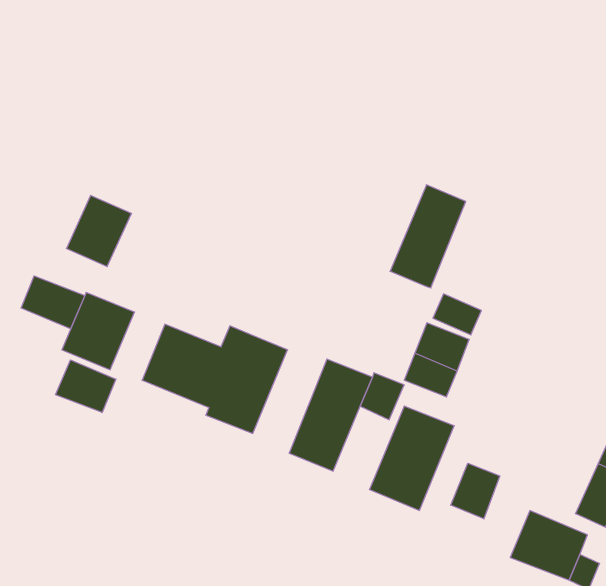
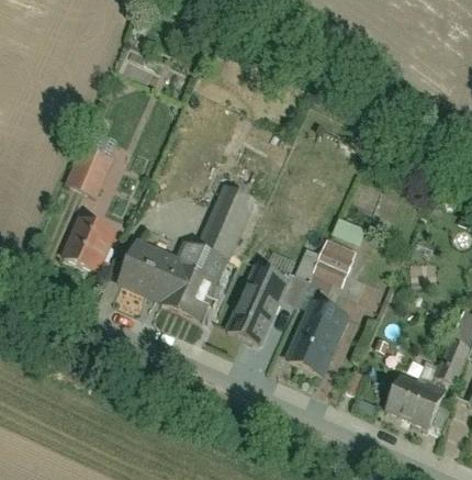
building: [390,185,466,288] -> [199,183,254,258]
building: [21,276,85,329] -> none
building: [55,360,116,413] -> none
building: [451,463,500,519] -> none

